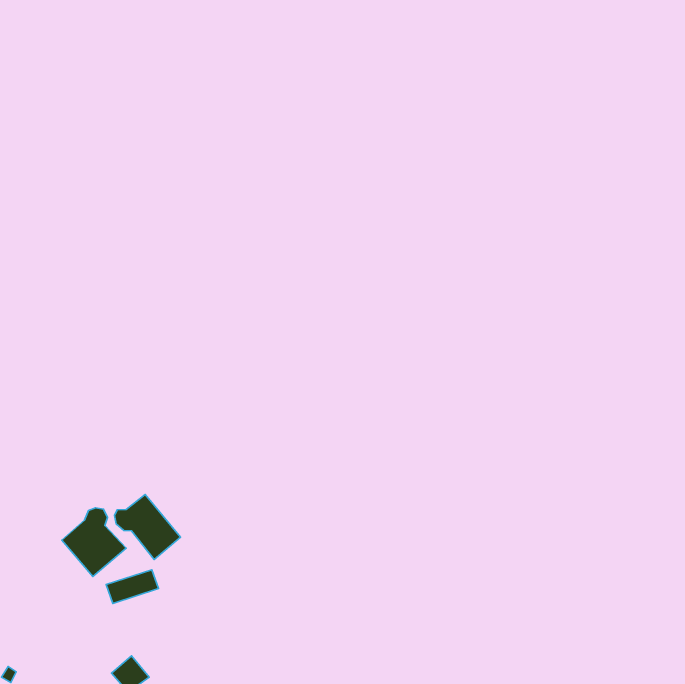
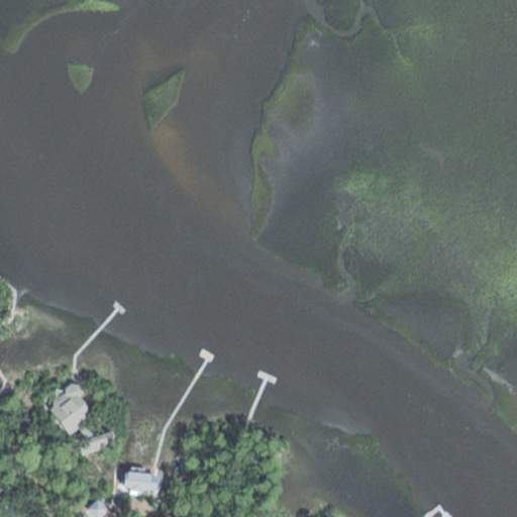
building: [115,495,181,560] -> none
building: none -> [123,470,160,494]

